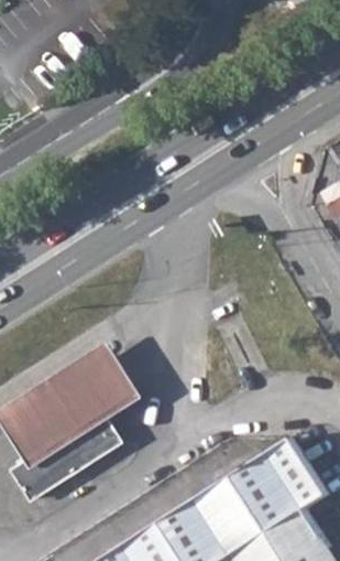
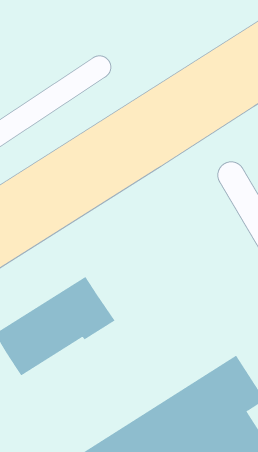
building: [15,418,118,498] -> none

